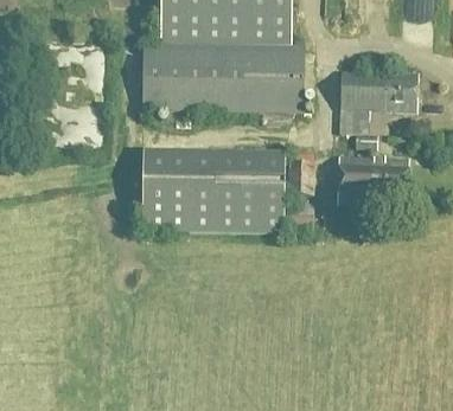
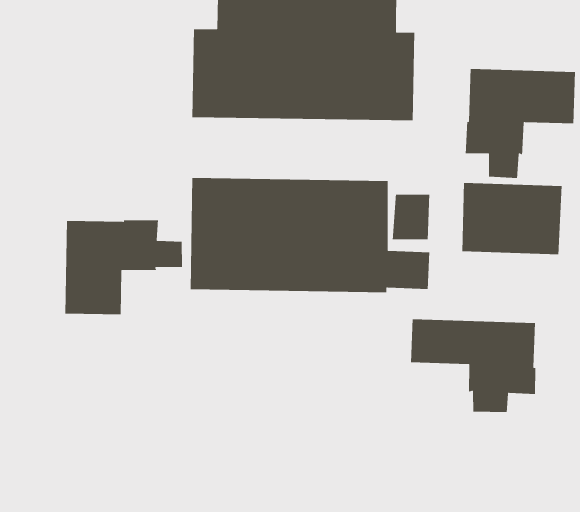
building: none -> [65,220,183,315]
building: none -> [410,318,536,413]

